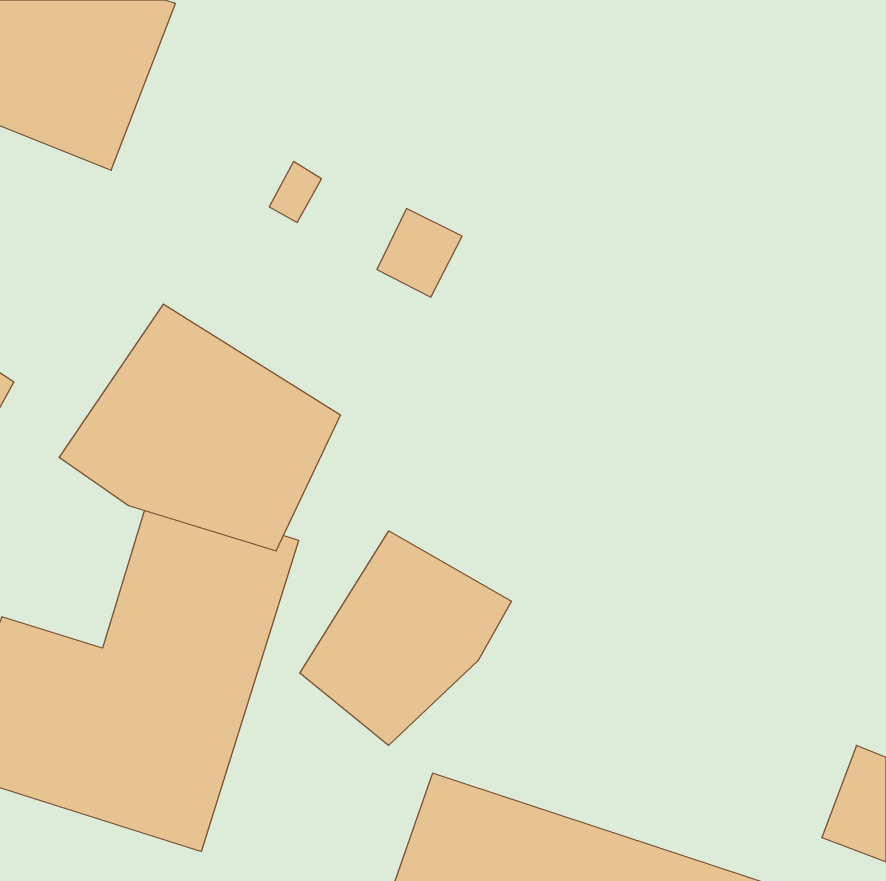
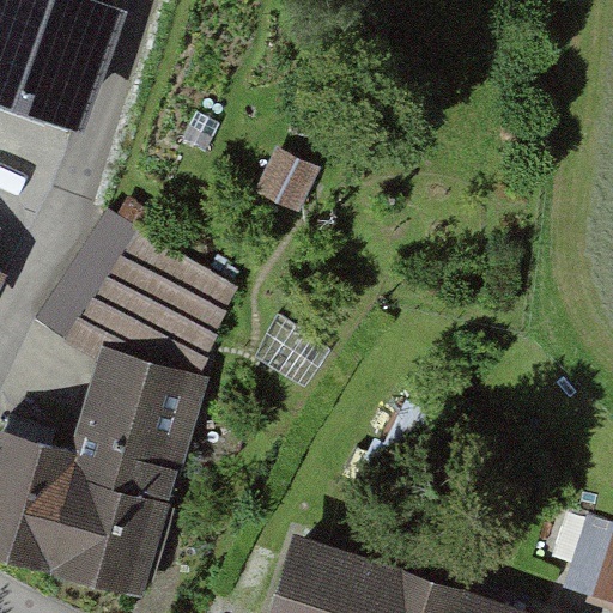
building: [300,531,511,745] -> none

